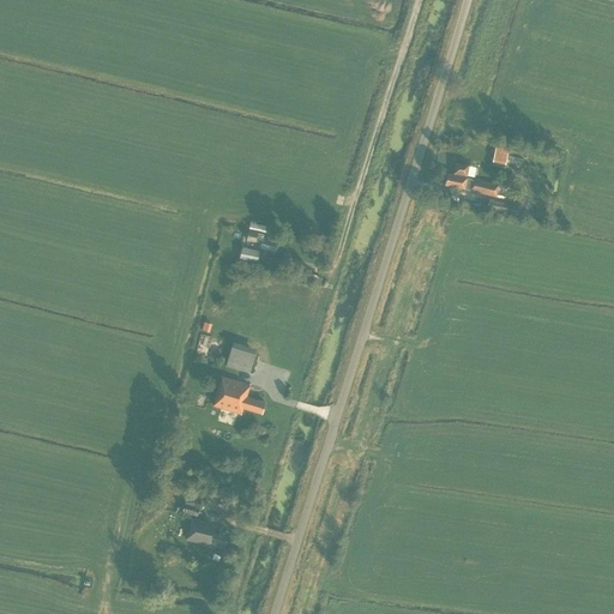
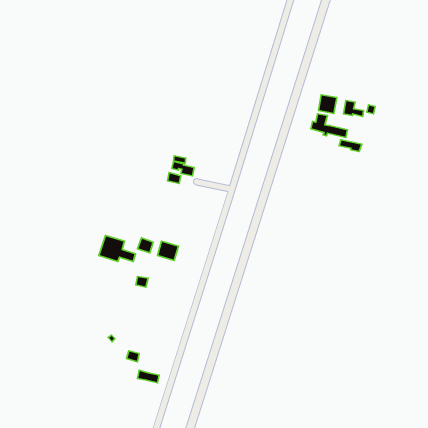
building: none -> [318,95,337,113]
building: [212,377,265,414] -> [99,235,136,261]

